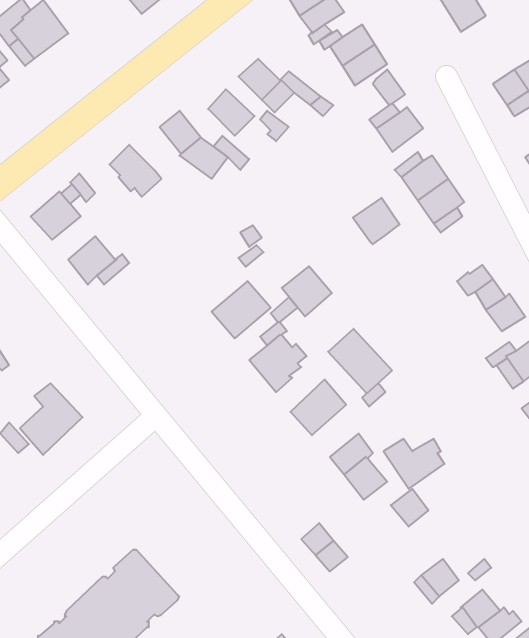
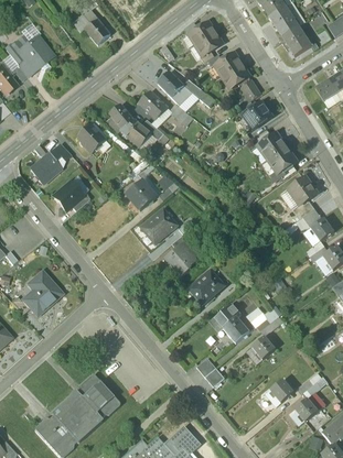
building: [353,198,400,244] -> [288,175,317,204]
building: [282,266,332,316] -> [126,179,157,210]
building: [328,329,392,393] -> none

